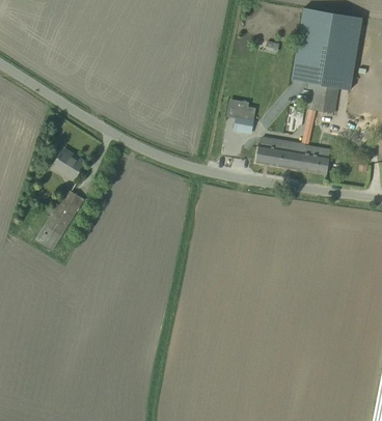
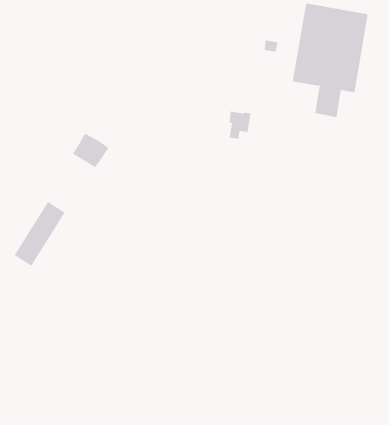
building: [255,140,329,174] -> none
building: [51,148,85,180] -> [72,133,109,168]

